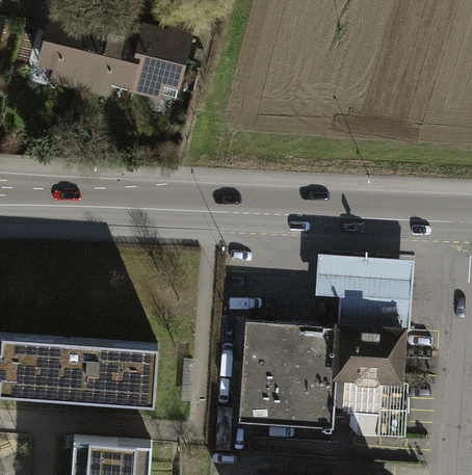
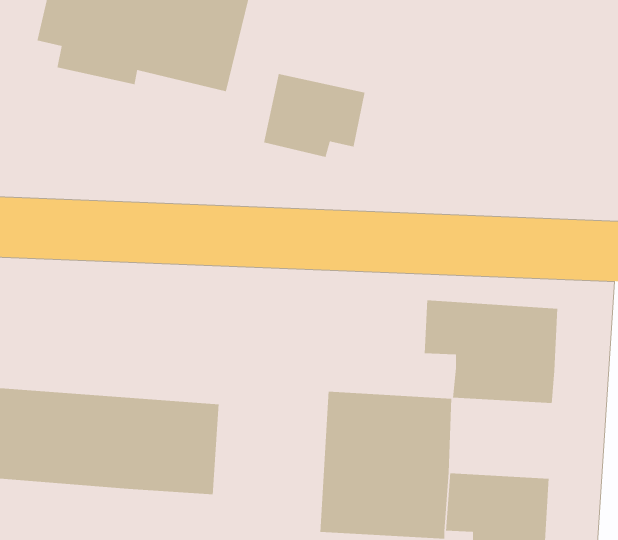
building: none -> [263,73,365,158]
building: [333,334,408,392] -> none

